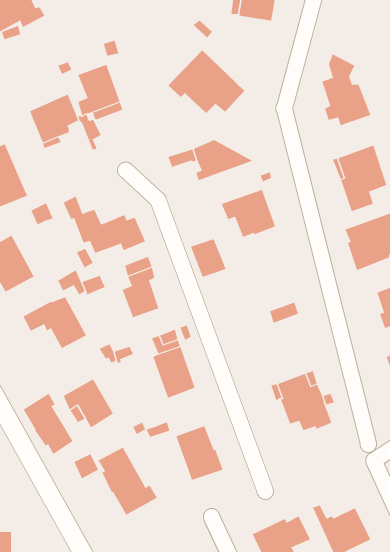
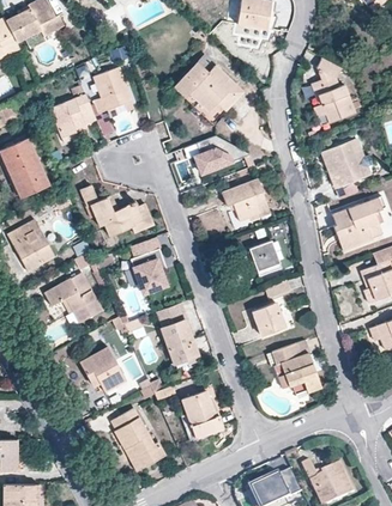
building: [190,238,226,277] -> [249,240,282,275]
building: none -> [253,301,285,336]
building: [23,393,73,455] -> none

